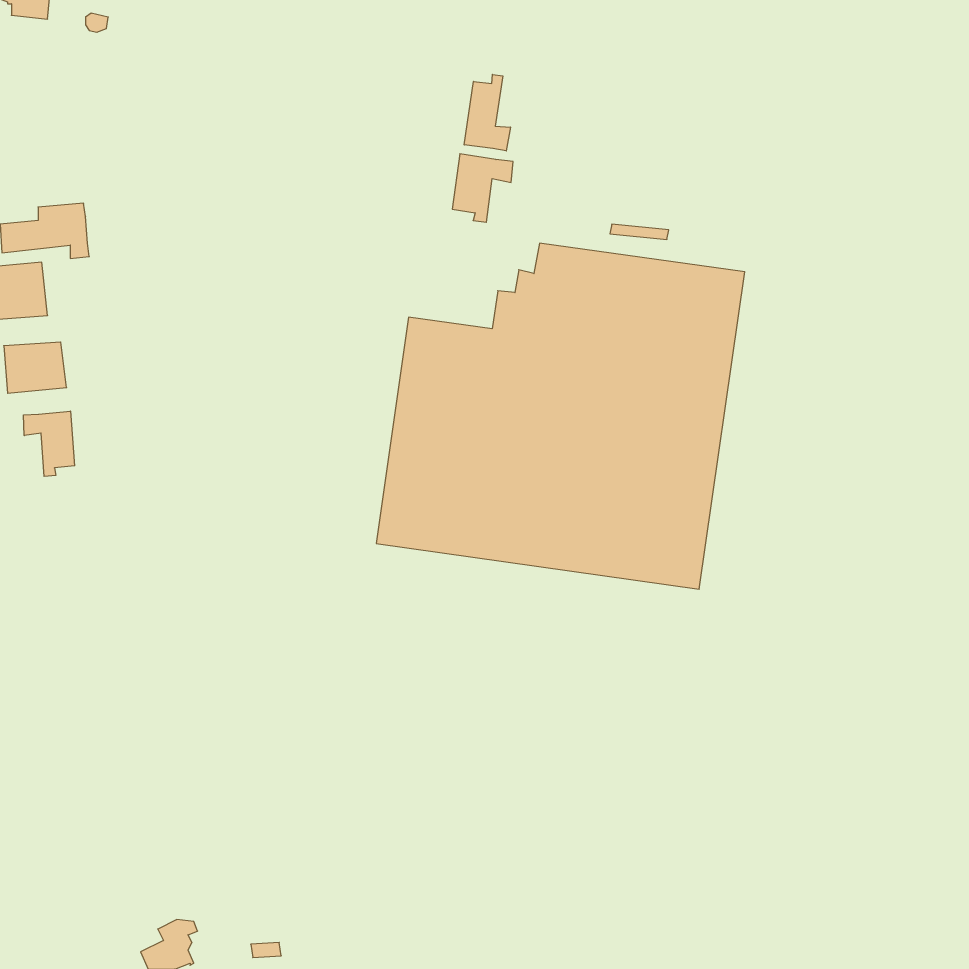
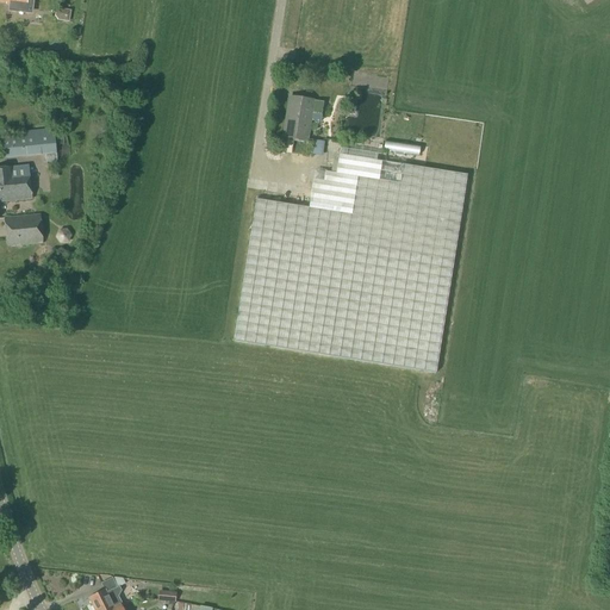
building: [464,74,510,151] -> none
building: [24,411,75,476] -> none

